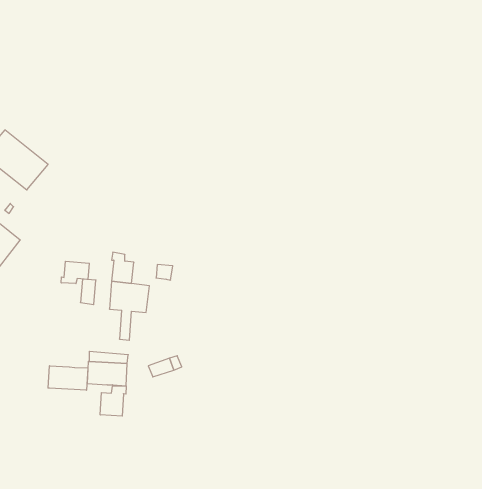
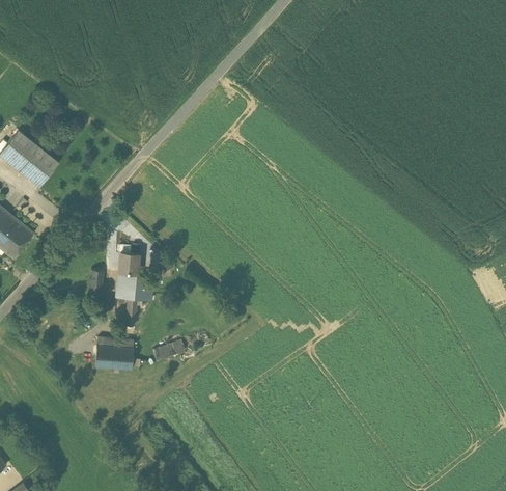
building: [61,261,89,284] -> none
building: [48,366,88,390] -> none
building: [100,386,126,416] -> none

